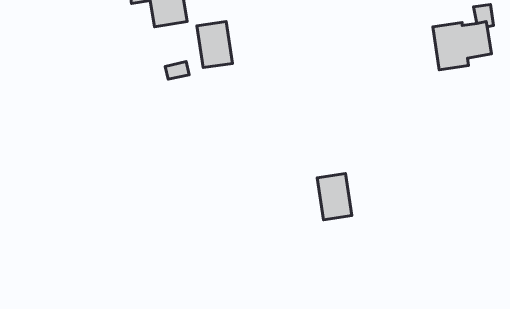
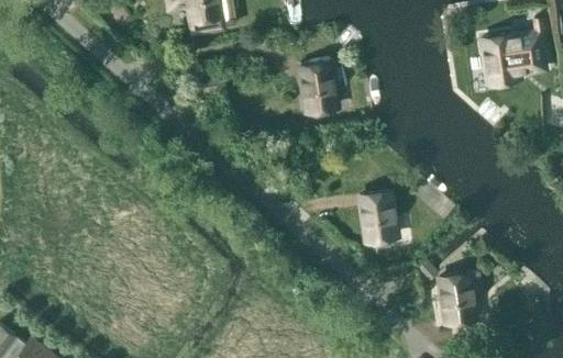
building: [197,21,232,68] -> [299,63,336,111]
building: none -> [438,272,481,323]

